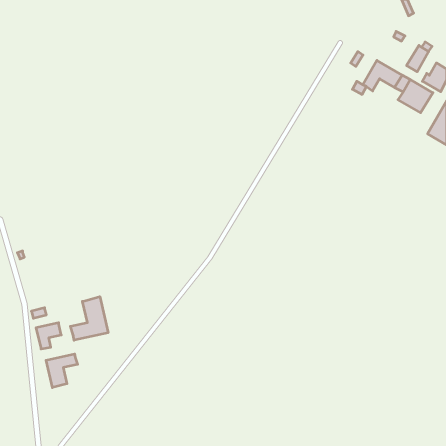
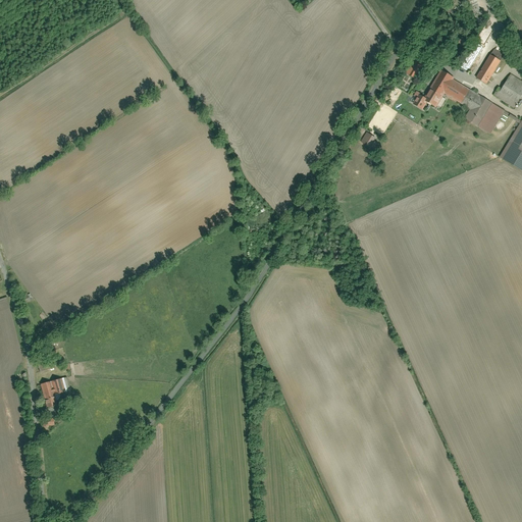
building: [70,297,108,340] -> none
building: [46,354,78,388] -> none

